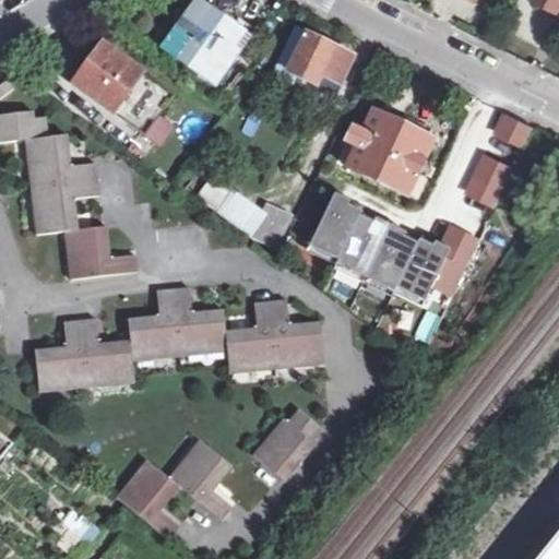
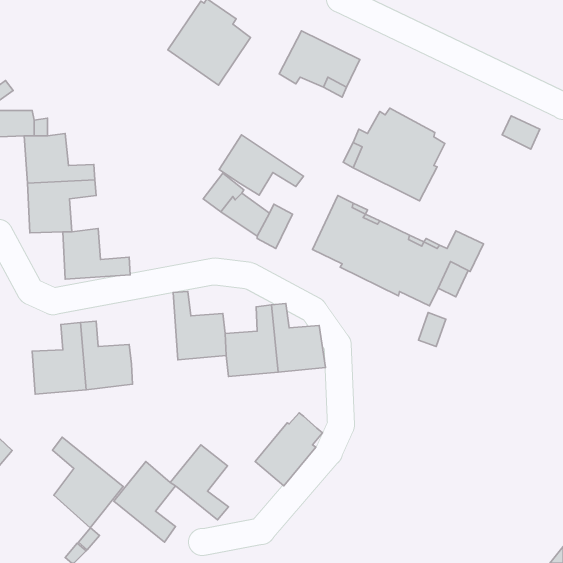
building: [71,45,174,135] -> none
building: none -> [219,135,304,195]
building: [468,157,513,206] -> none
building: [127,289,176,360] -> none
building: none -> [52,437,123,528]

